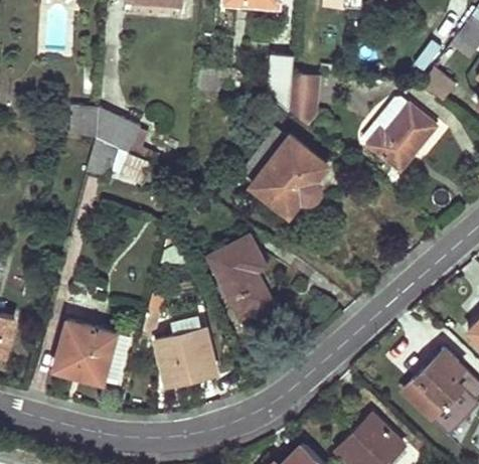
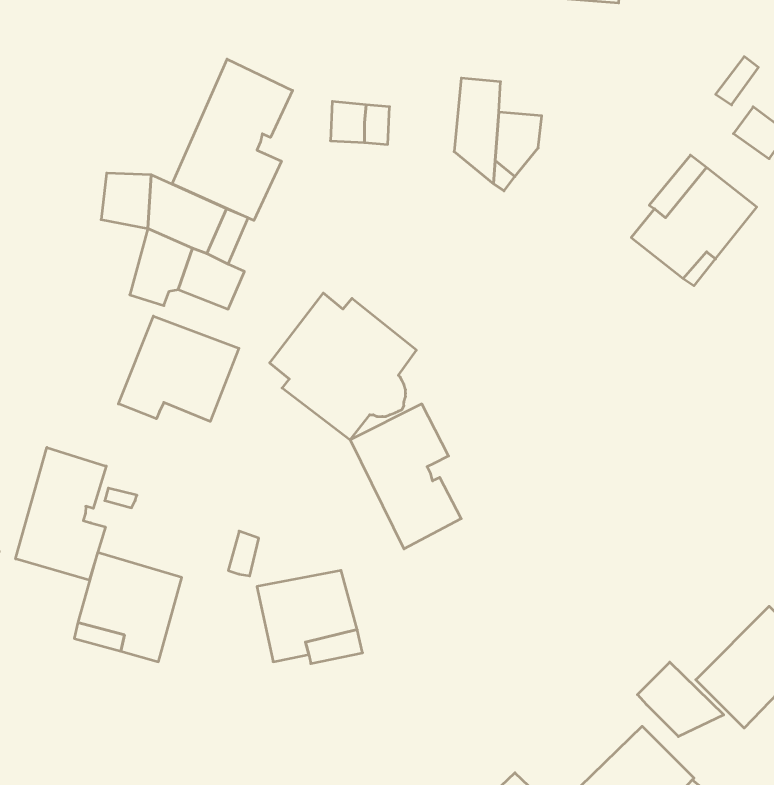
building: none -> [172,59,293,220]
building: [244,132,326,214] -> [270,293,416,440]
building: none -> [118,316,239,421]
building: none -> [16,447,106,580]
building: none -> [637,662,724,737]

